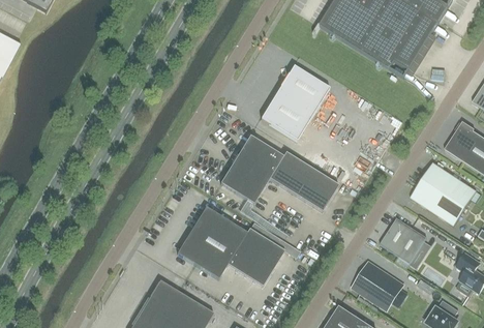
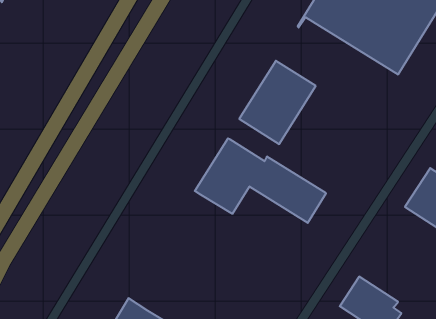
building: [176,206,299,286] -> none
building: [380,217,426,262] -> none

